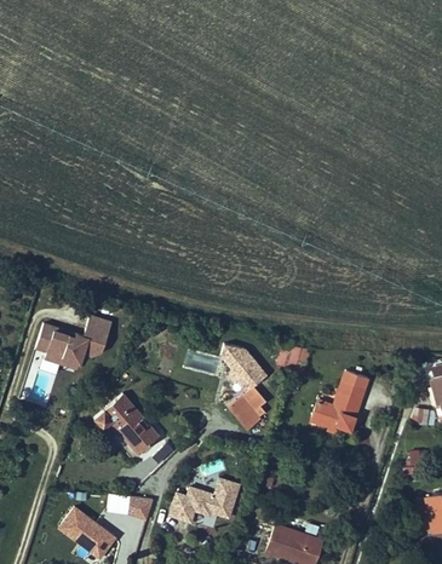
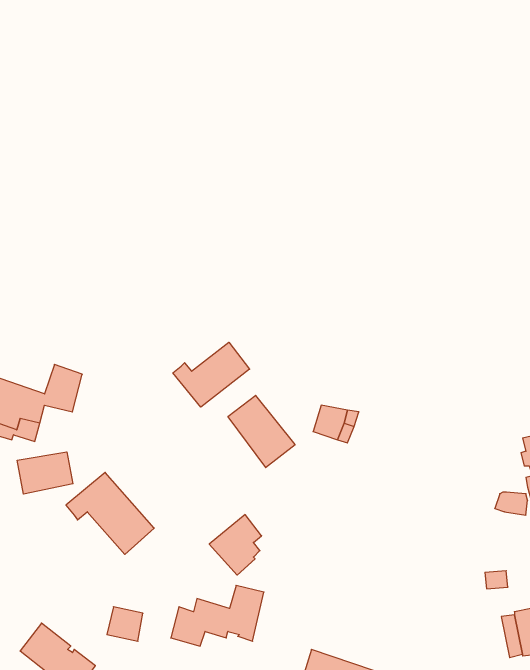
building: none -> [173,342,250,407]
building: none -> [17,452,73,494]
building: [311,382,364,430] -> none
building: [228,386,266,431] -> [209,515,262,575]

